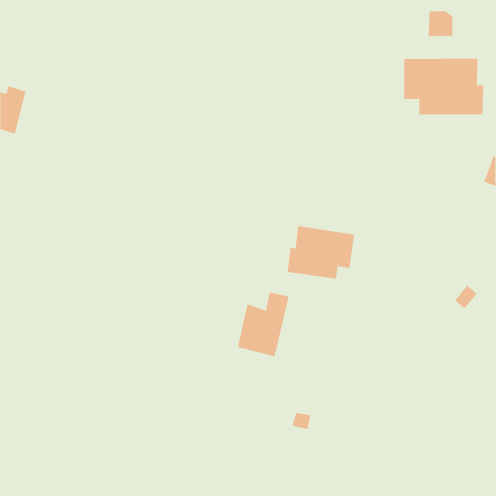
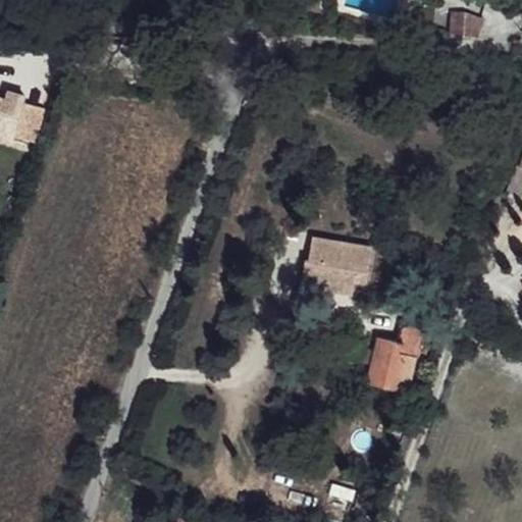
building: [404,58,484,115] -> none
building: [237,292,290,357] -> [369,322,424,390]

